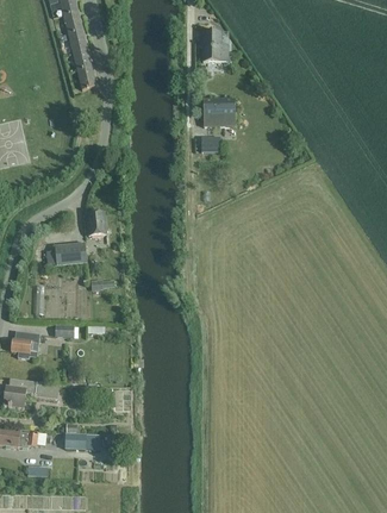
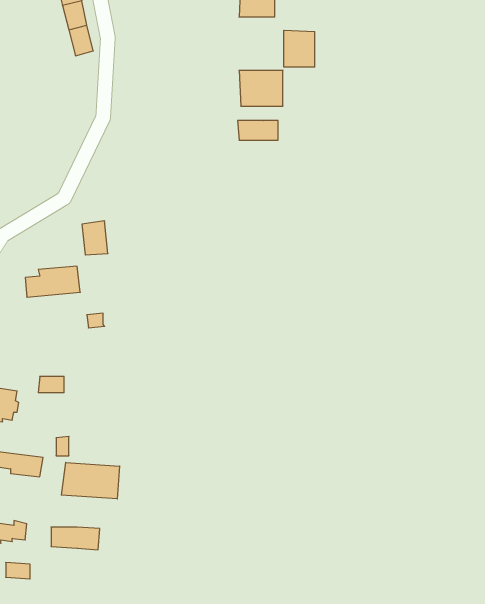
building: none -> [284,30,315,67]
building: none -> [61,462,120,499]

